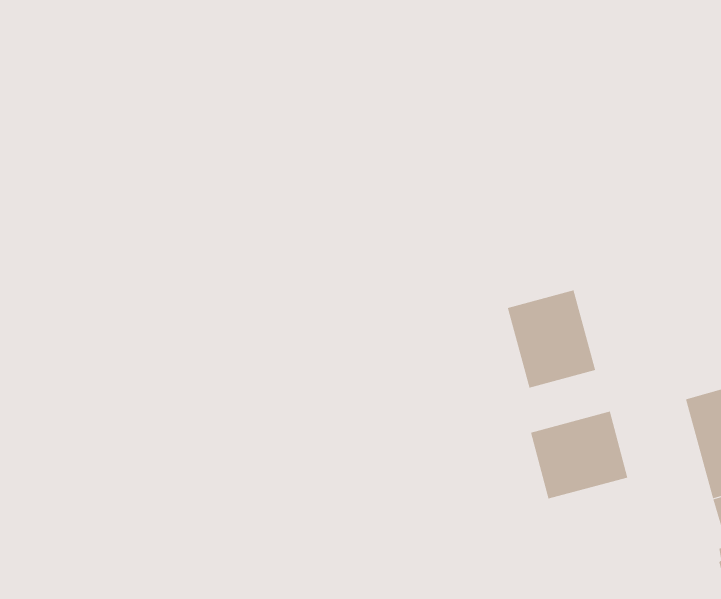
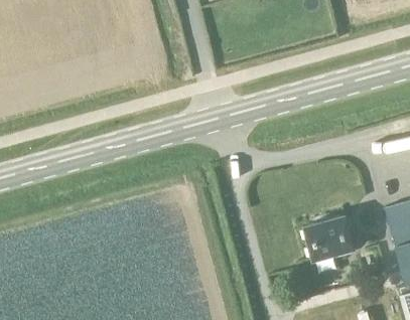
building: [507,289,596,389] -> none

